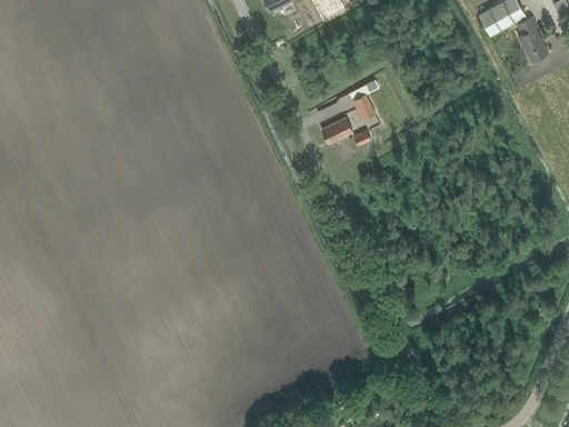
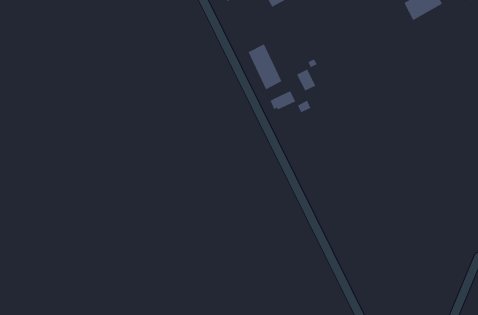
building: [517,17,548,61] -> none
building: none -> [248,43,282,90]

